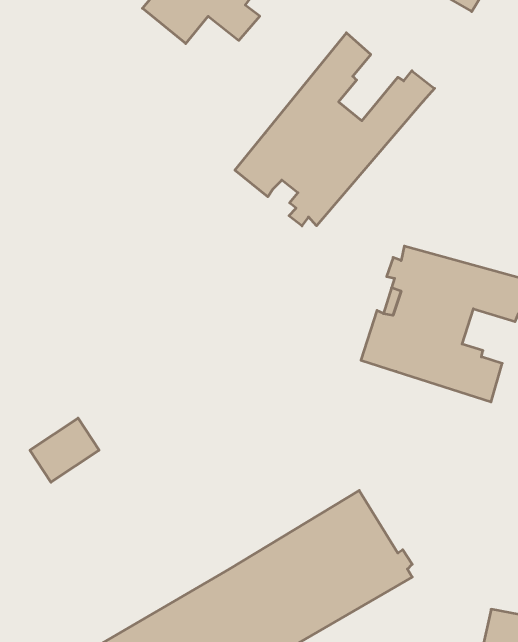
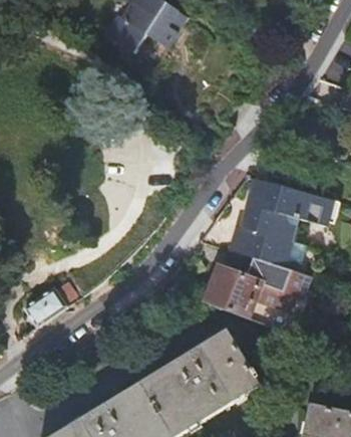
building: [235,33,435,226] -> none
building: none -> [204,257,309,334]

